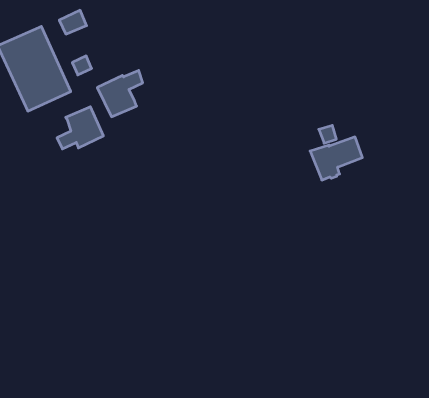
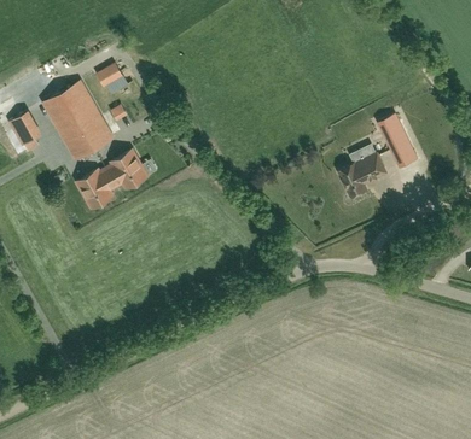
building: [97,70,143,117] -> [77,163,118,207]
building: none -> [379,112,412,153]

